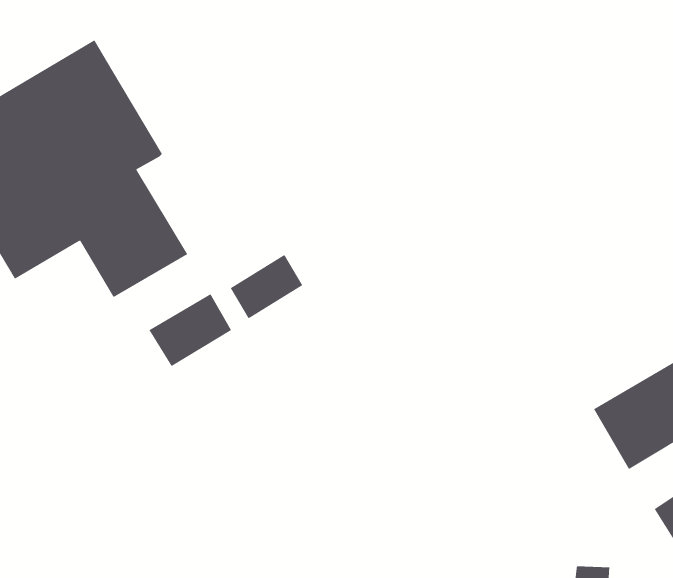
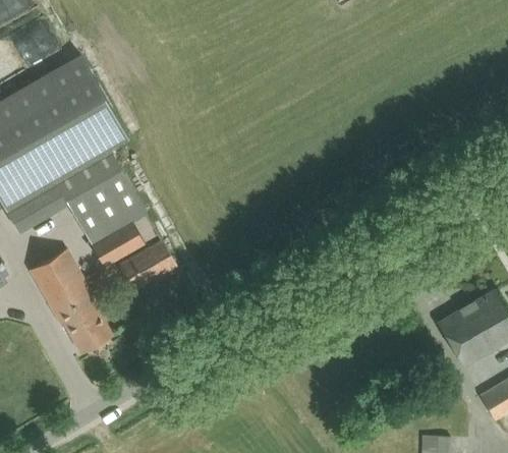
building: [230,254,303,319] -> [92,220,145,267]
building: none -> [30,247,113,352]

